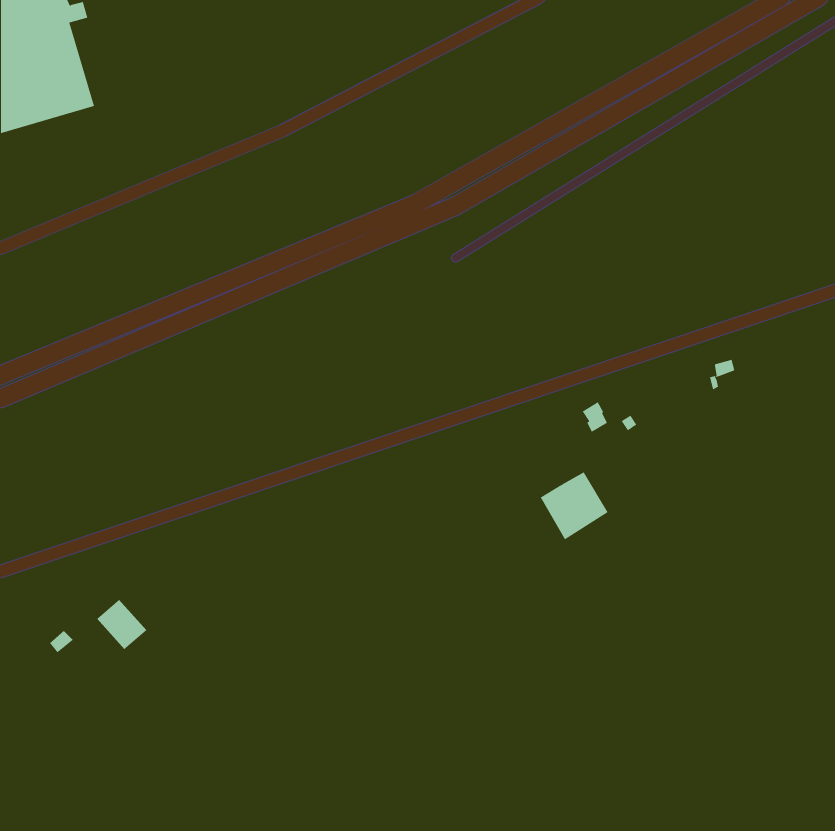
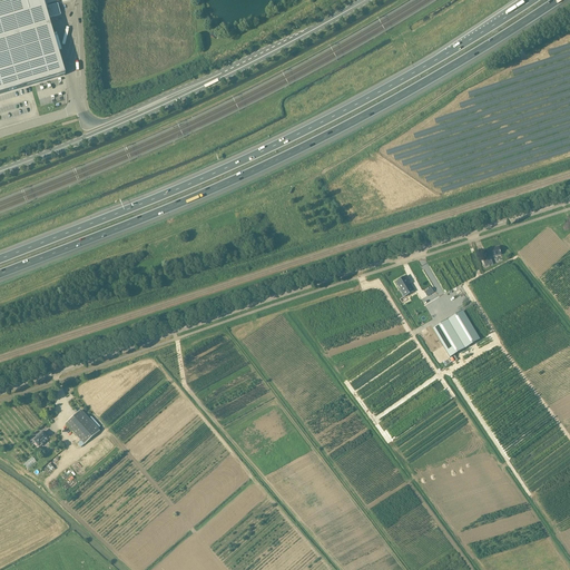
building: [540,471,609,540] -> [433,309,480,356]

